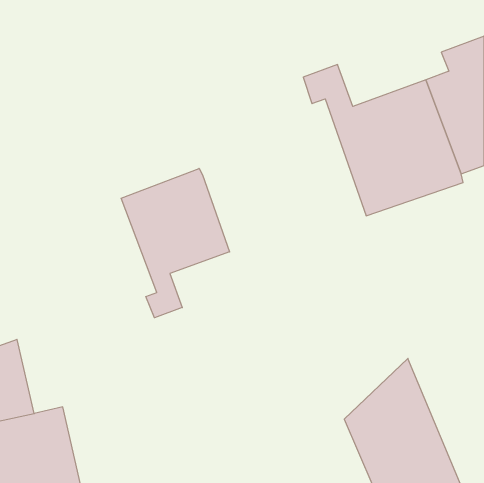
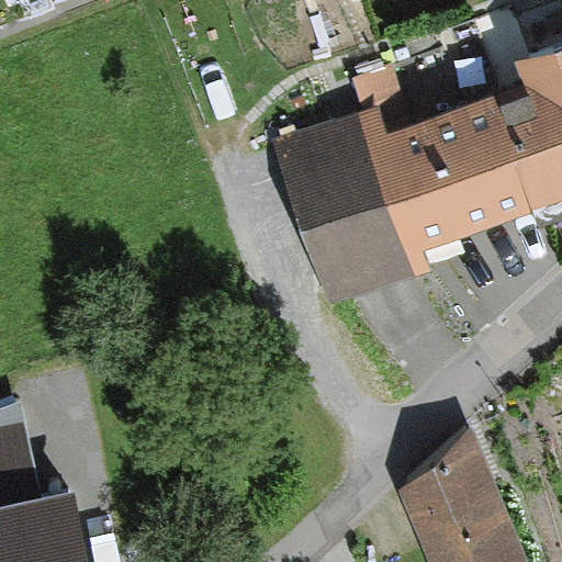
building: none -> [271,117,429,311]
building: [121,168,230,318] -> none

